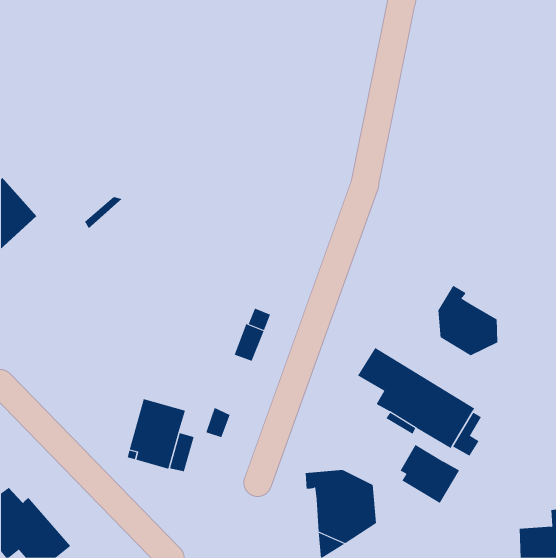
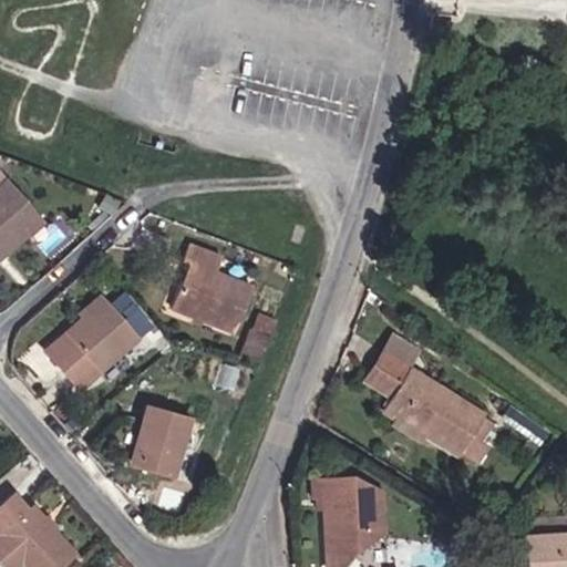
building: none -> [172,245,251,331]
building: [438,285,498,356] -> none
building: none -> [47,296,152,389]
building: [400,444,460,504] -> none

